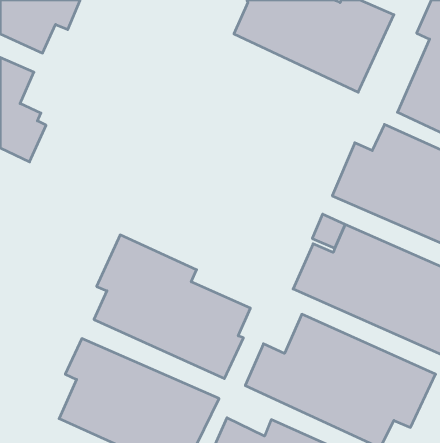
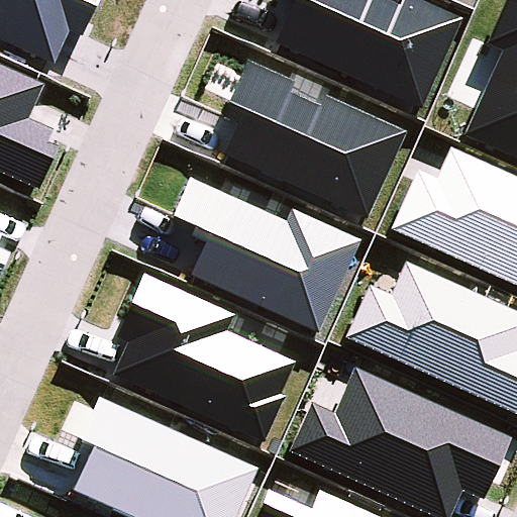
building: none -> [224,61,407,217]
building: none -> [173,177,361,332]

